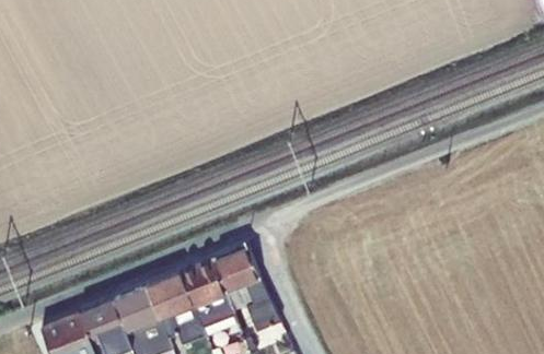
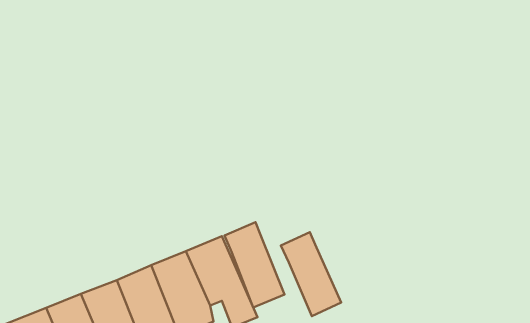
building: none -> [224,222,284,307]
building: none -> [281,232,341,316]

